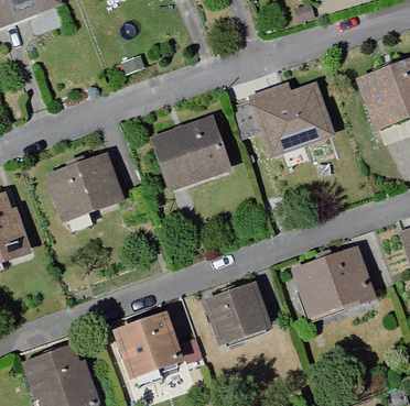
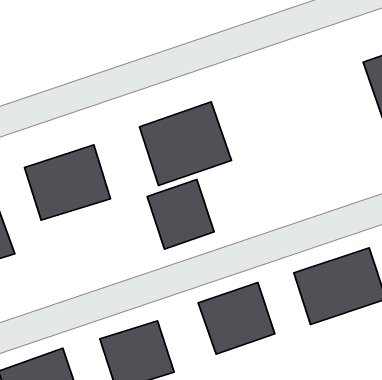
building: [253,80,336,158] -> none
building: none -> [147,180,214,249]

